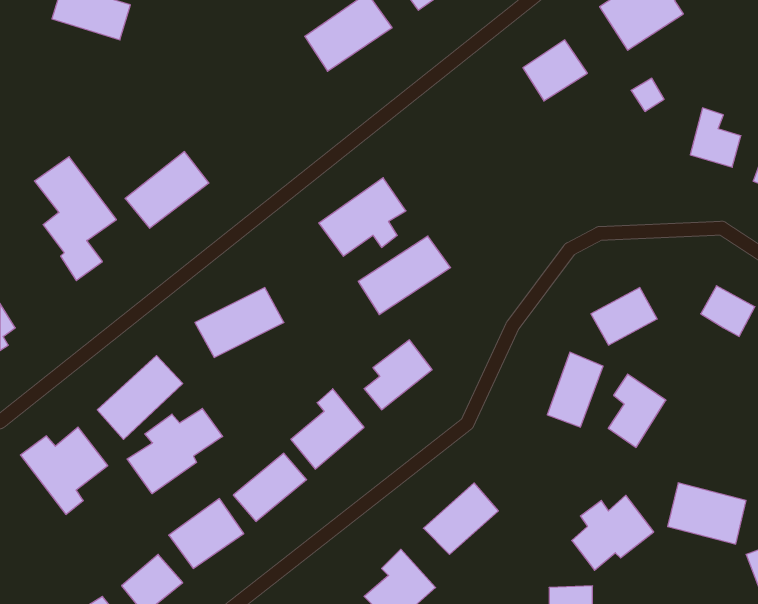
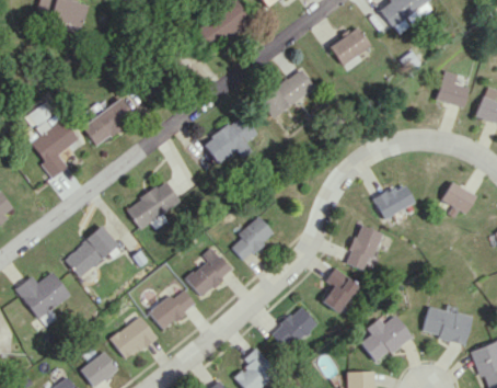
building: [358,236,451,315] -> [259,69,317,118]
building: [608,374,666,447] -> [323,267,359,313]
building: [127,408,223,494] -> none

